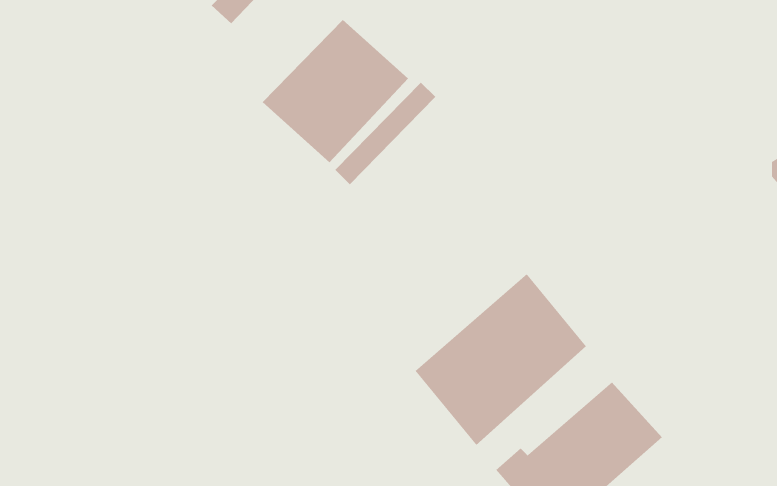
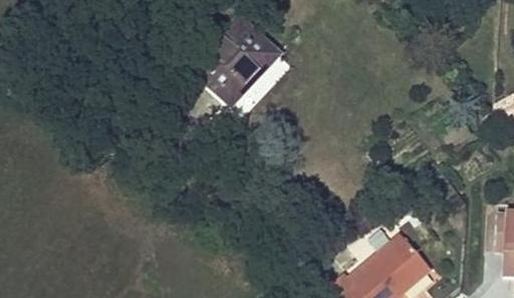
building: [414,273,587,446] -> none

